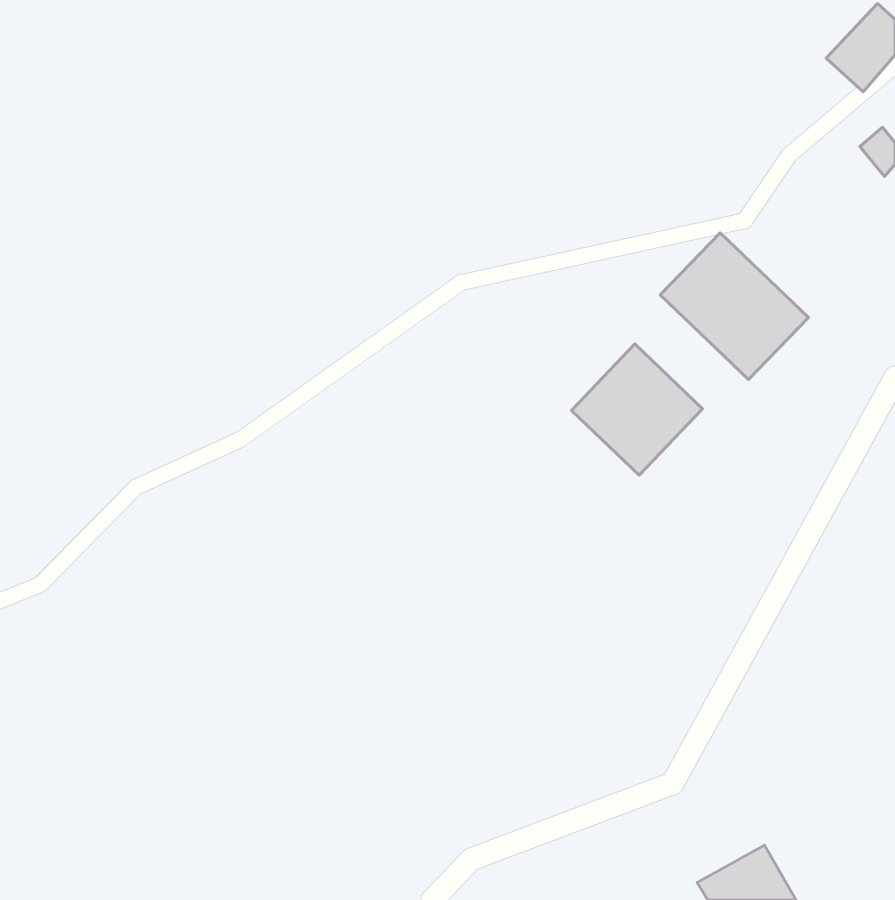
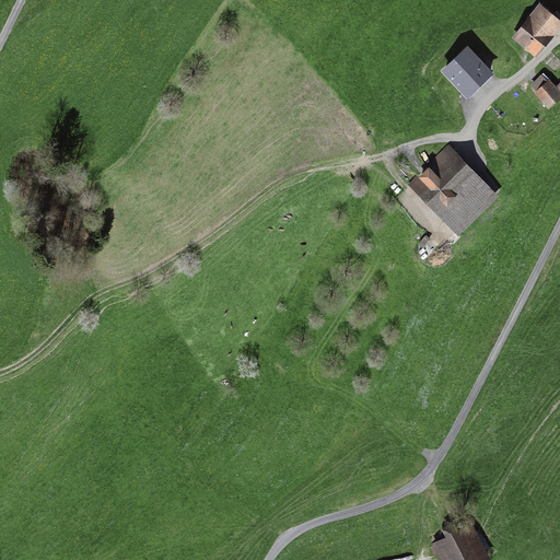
building: none -> [441,50,487,96]
building: [572,344,703,475] -> none

